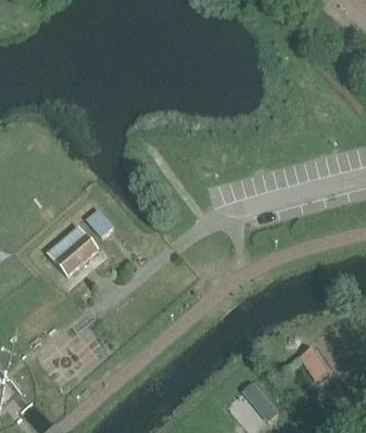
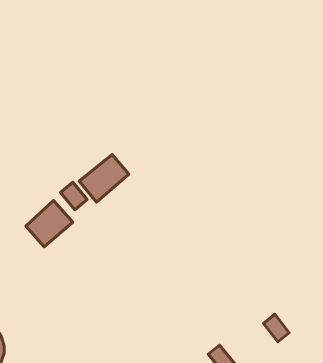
building: none -> [79,154,129,202]

